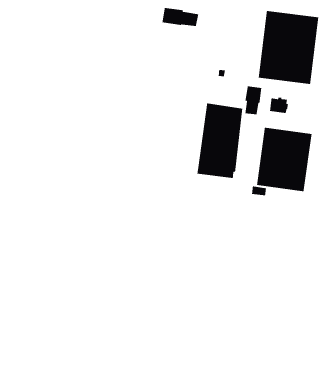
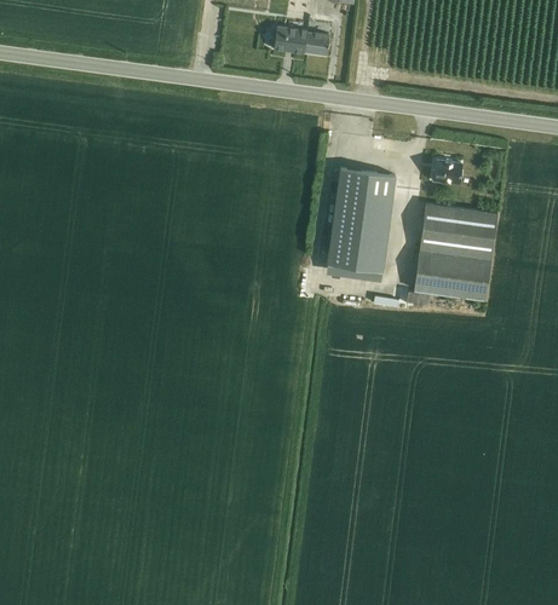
building: [258,10,319,85] -> none
building: [244,86,262,115] -> none

